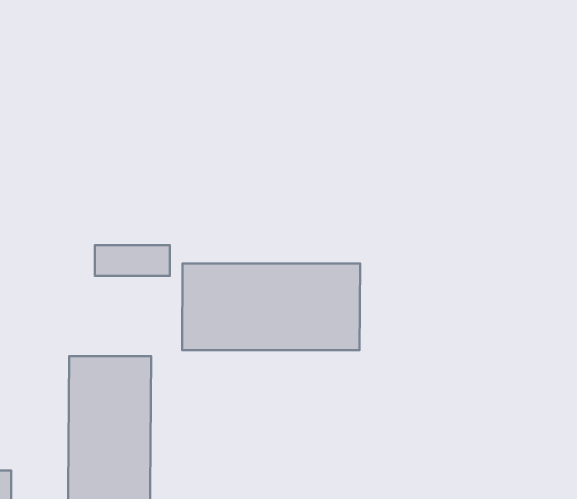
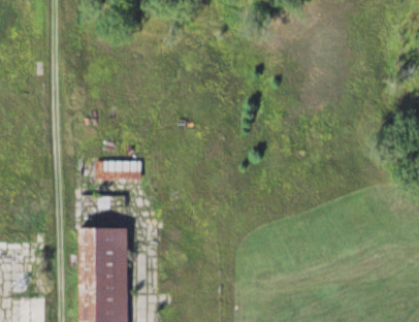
building: [182,264,360,350] -> none

